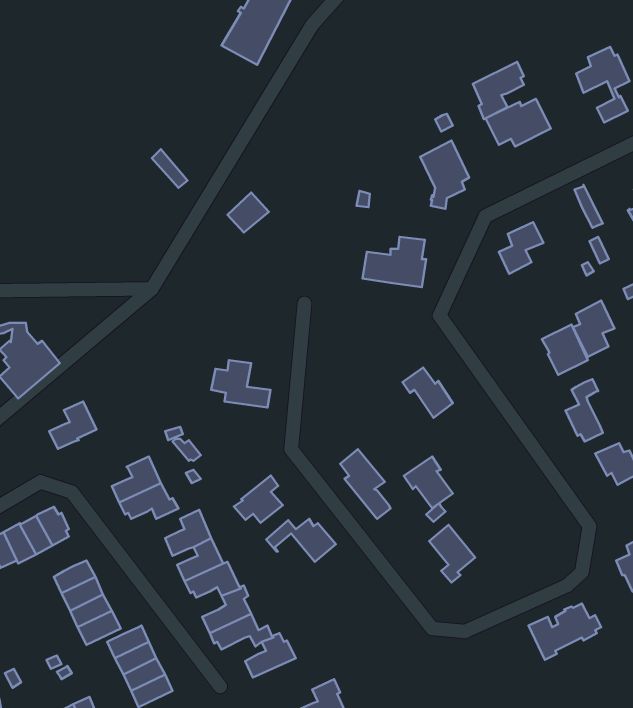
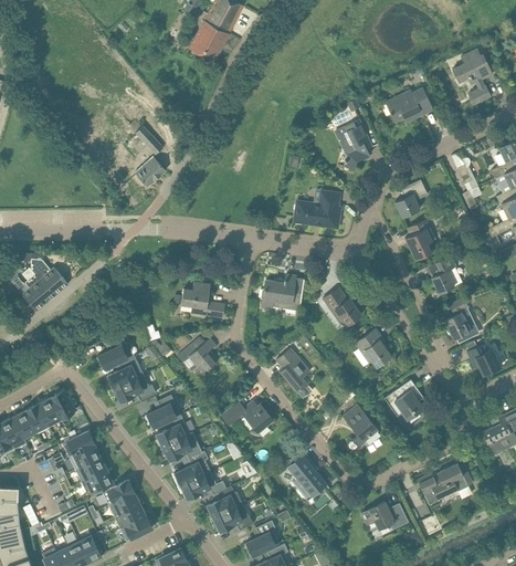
building: [473,62,524,119] -> none
building: [227,193,269,233] -> [135,157,166,187]
building: [573,300,614,357] -> [404,219,435,261]
building: none -> [261,275,304,314]
building: [49,401,96,449] -> [96,335,131,370]
building: [404,456,453,508] -> [355,329,391,368]
building: [234,475,283,523] -> [182,338,219,374]
building: none -> [385,380,423,421]
building: none -> [278,453,325,496]
building: none -> [360,502,408,531]
building: none -> [211,505,253,532]

